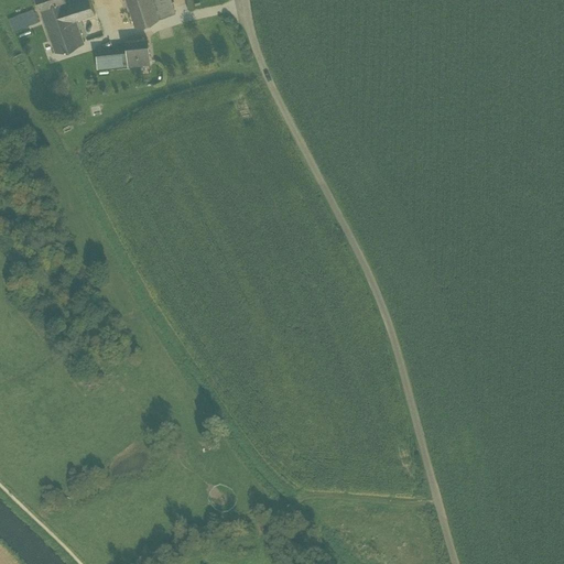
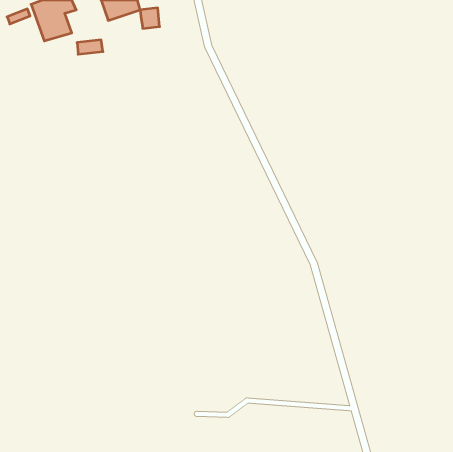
building: [124,41,149,66] -> [140,8,160,28]

